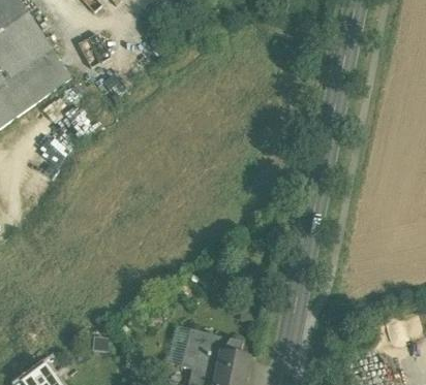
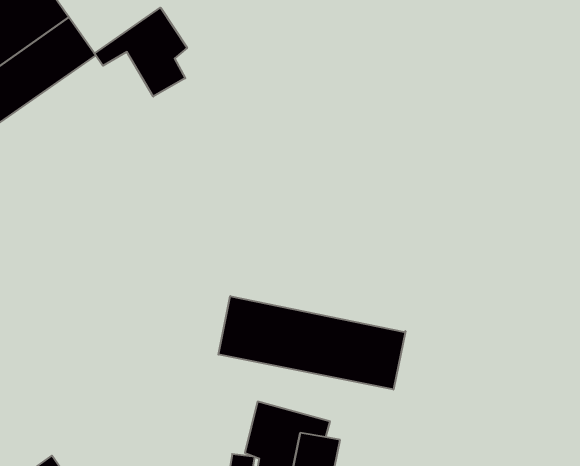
building: none -> [94,8,187,97]
building: none -> [218,296,405,390]

